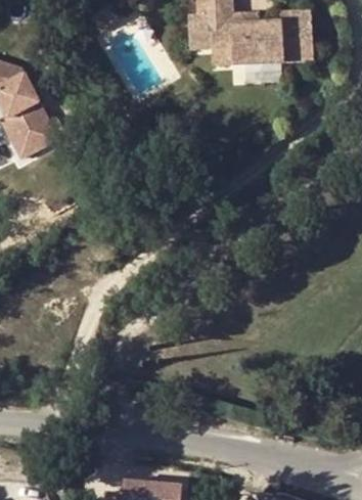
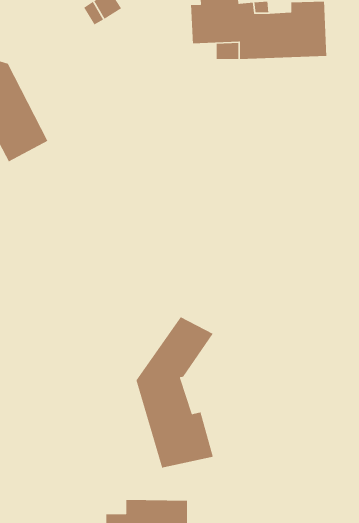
building: none -> [136,316,214,468]

